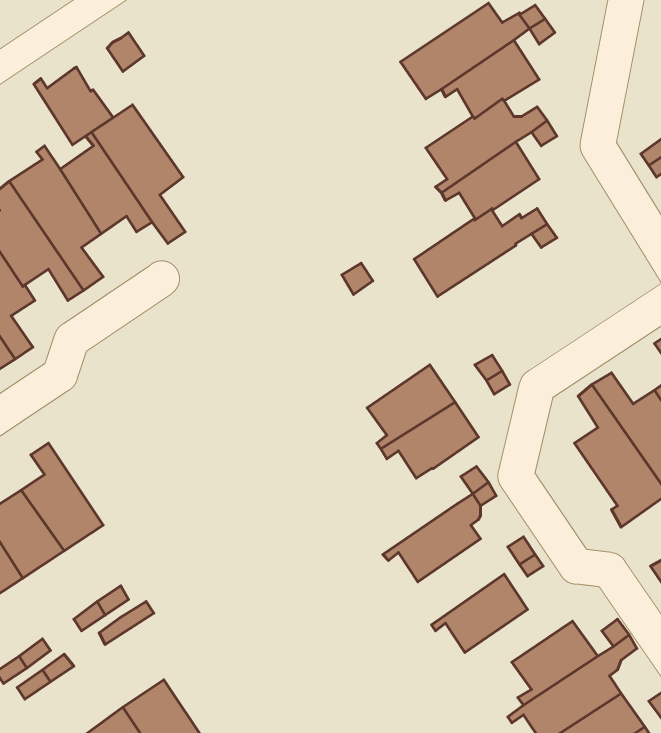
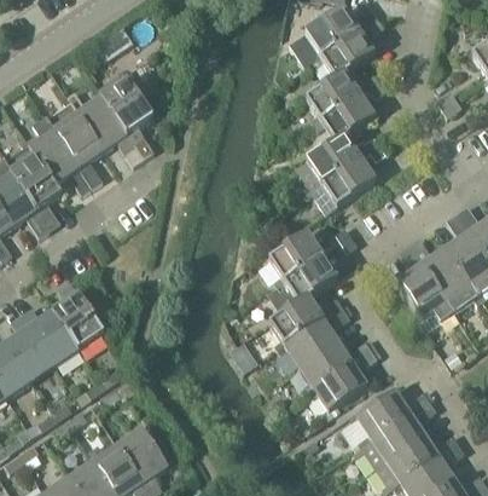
building: [34,67,113,145] -> none
building: none -> [312,158,374,213]
building: none -> [269,296,324,350]
building: none -> [300,340,353,393]

